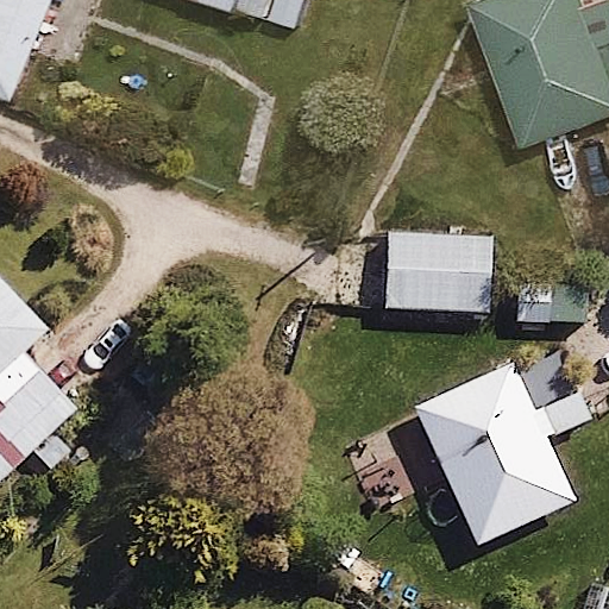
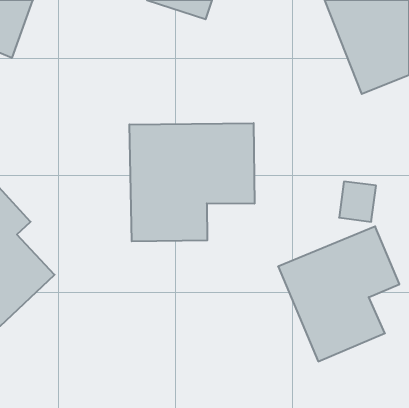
building: none -> [129,123,254,241]
building: [383,224,490,312] -> none

